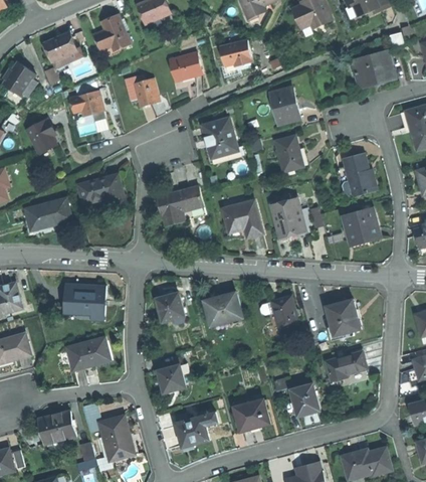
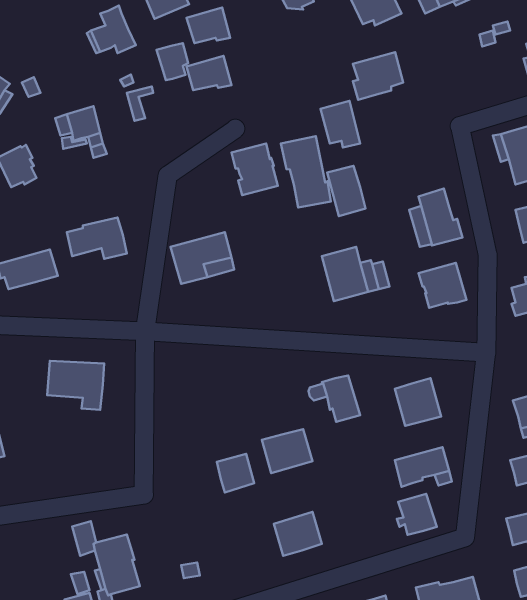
building: [43,33,81,68] -> none
building: [218,39,251,66] -> [186,7,230,43]
building: [355,51,393,88] -> [353,52,403,100]
building: [132,78,156,107] -> [156,43,188,80]
building: none -> [281,136,331,208]
building: [222,201,262,237] -> none
building: [209,291,247,324] -> [262,429,312,473]
building: [161,292,189,320] -> none
building: [65,338,110,372] -> none
building: [158,363,186,392] -> [217,454,254,492]
building: [290,383,321,415] -> [397,494,437,535]
building: [38,413,75,445] -> none
building: [175,416,208,447] -> none

